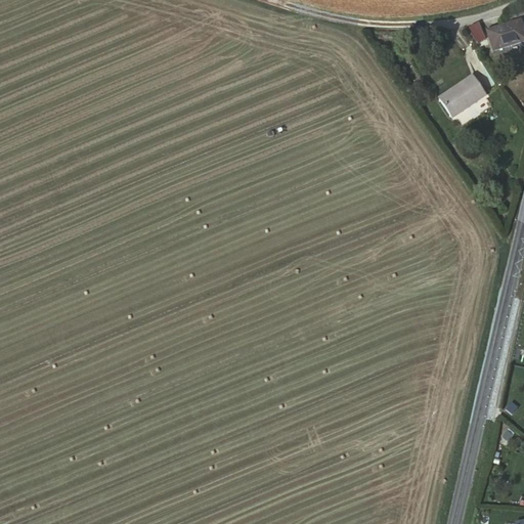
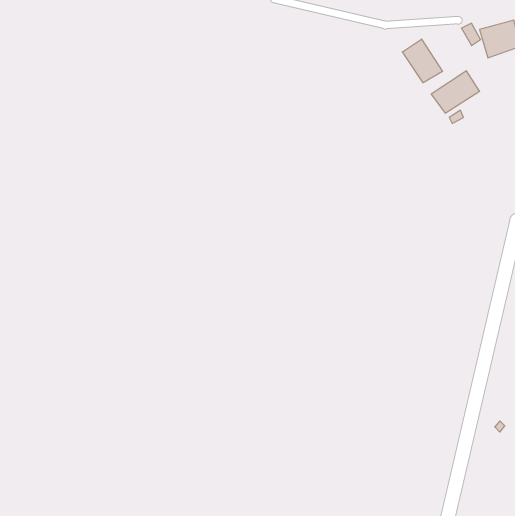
building: none -> [402,39,443,83]

